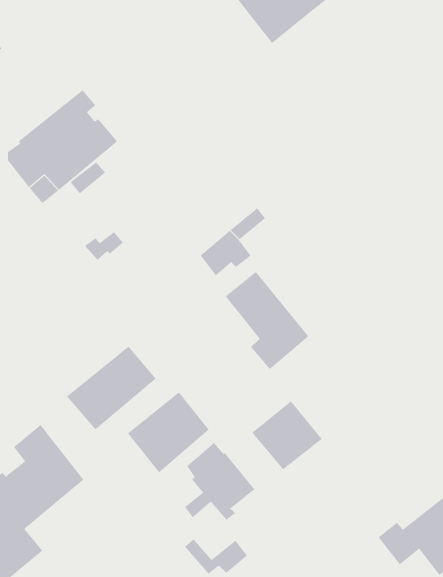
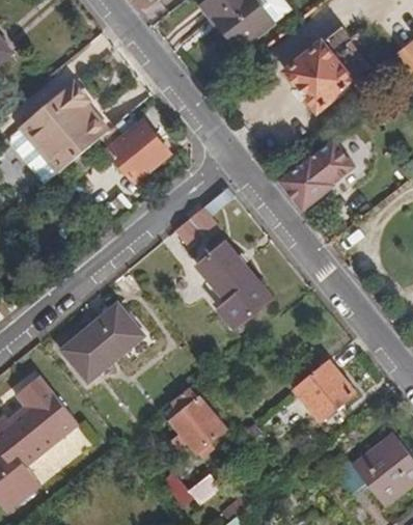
building: none -> [286,25,373,109]
building: none -> [101,119,168,182]
building: none -> [278,137,356,211]
building: [127,392,210,473] -> none
building: [252,400,323,470] -> [294,361,355,421]

